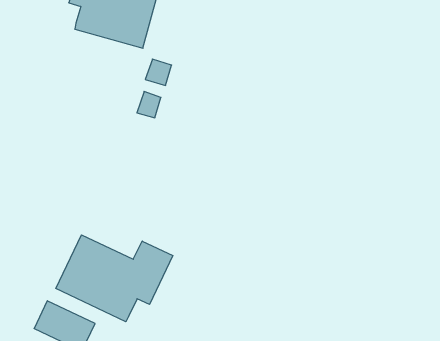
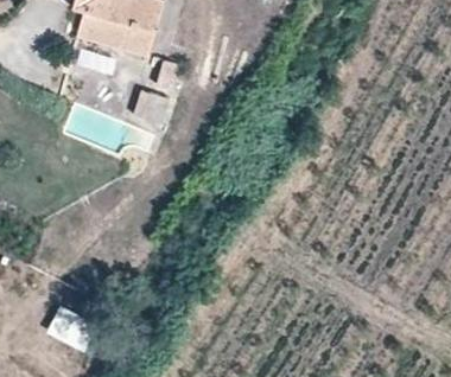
building: [56,235,173,322] -> none

